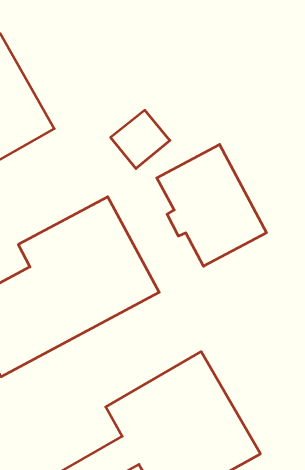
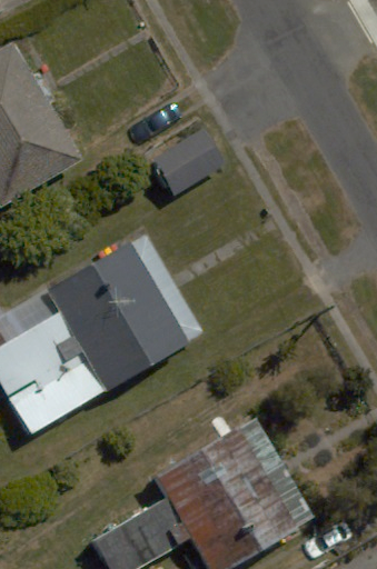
building: [157,144,266,266] -> none

